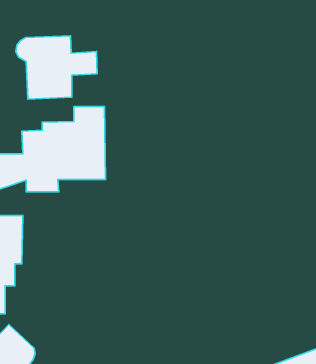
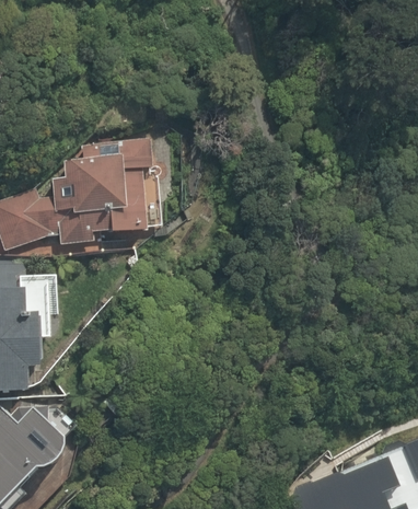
building: [16,36,97,99] -> none

